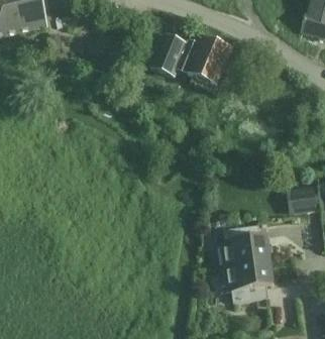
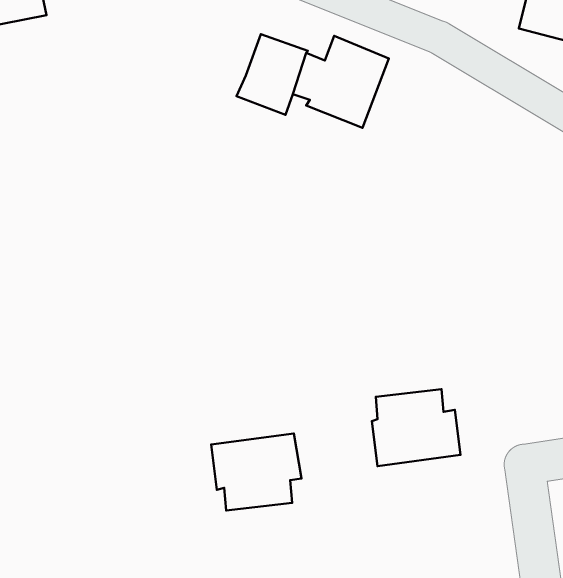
building: [291,189,317,213] -> none
building: [224,261,273,303] -> [211,433,301,510]

